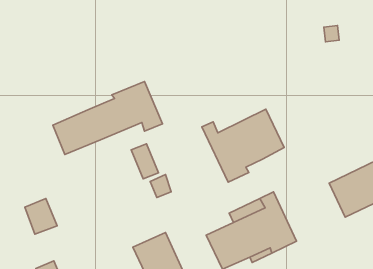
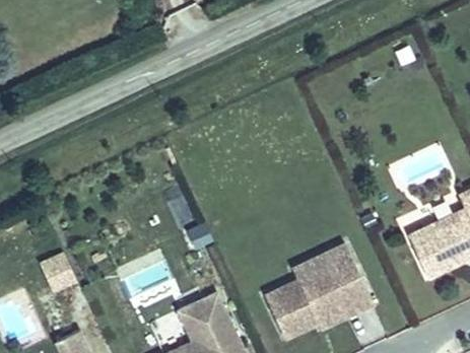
building: [53,81,163,155] -> none
building: [202,109,284,182] -> none

